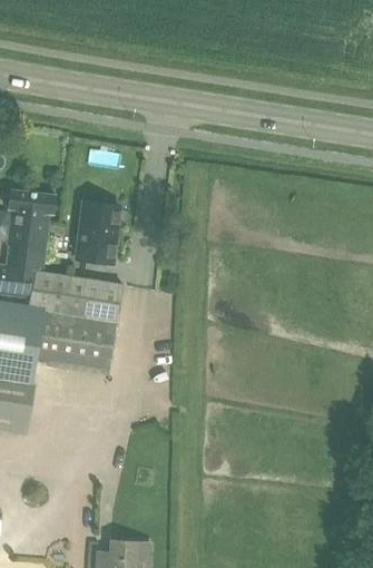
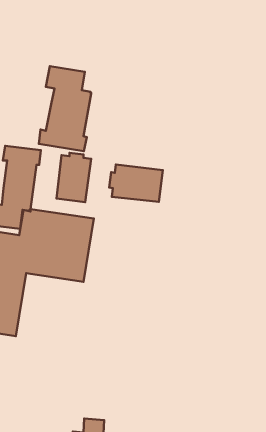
building: none -> [39,66,91,151]
building: none -> [109,164,163,202]

